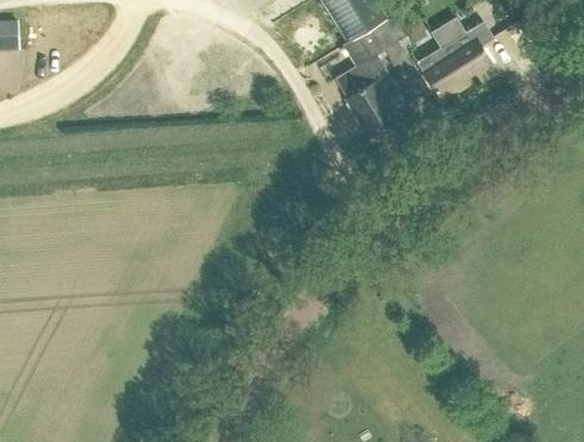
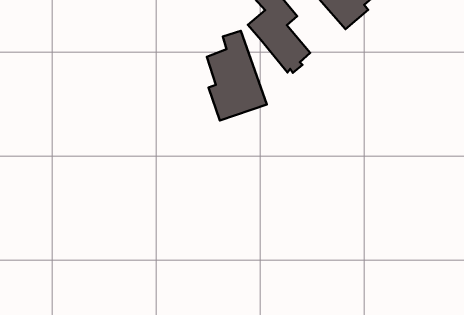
building: none -> [207,31,267,120]

